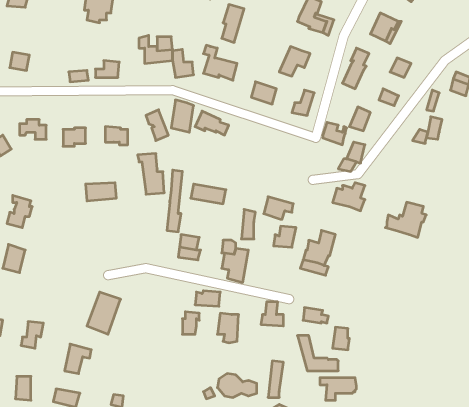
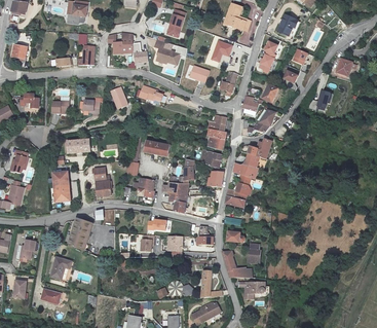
building: none -> [204,115,227,151]
building: [138,154,164,194] -> [89,167,109,196]
building: [385,202,426,237] -> [233,154,263,180]
building: none -> [56,171,72,199]

